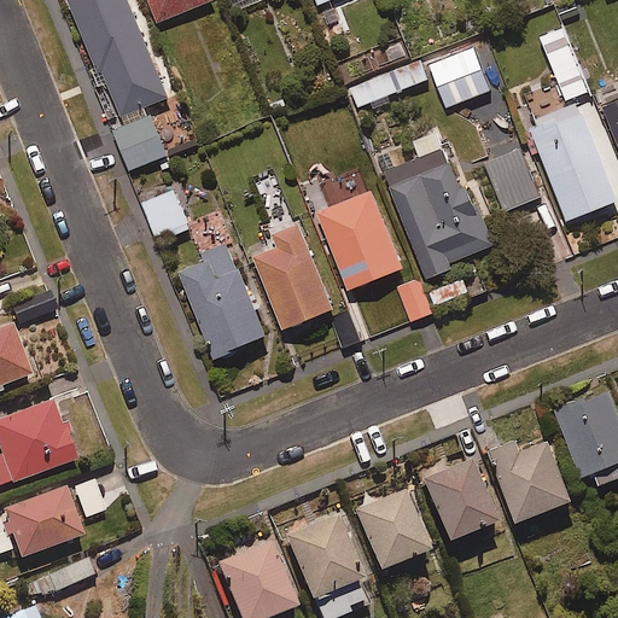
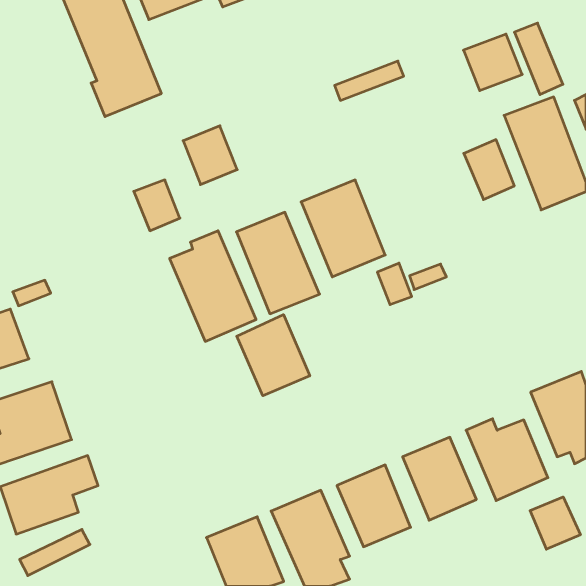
building: [428,46,490,105] -> [463,34,522,91]
building: [110,106,167,168] -> [183,126,237,185]
building: [384,129,492,270] -> none
building: none -> [237,315,310,396]
building: none -> [530,497,580,549]

